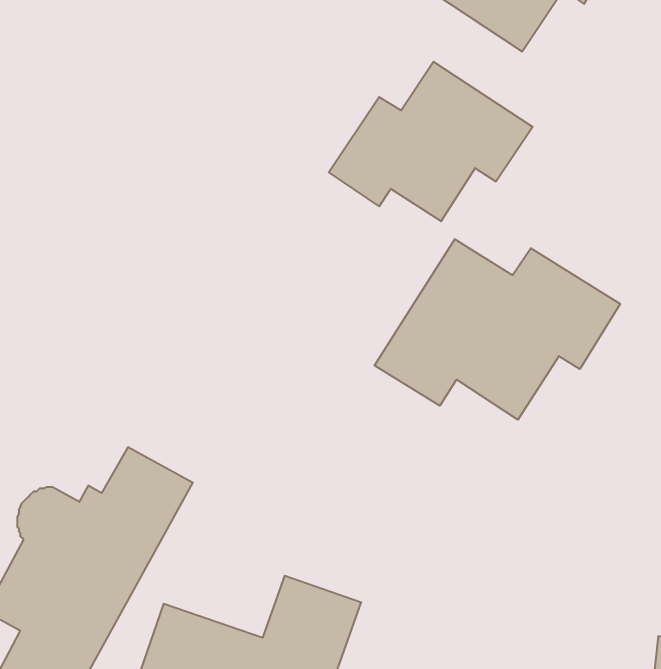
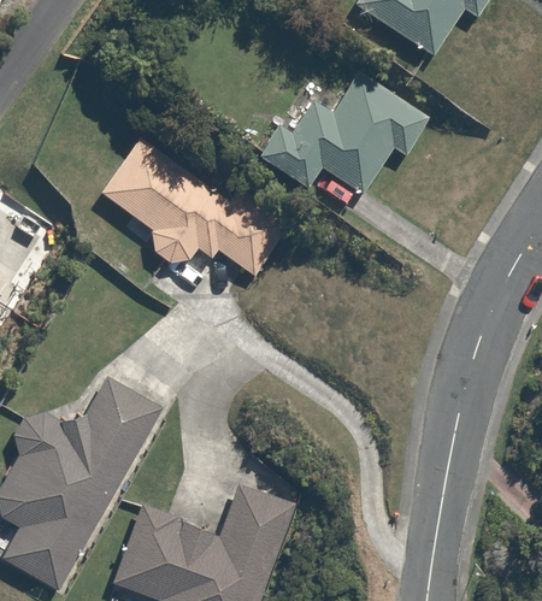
building: none -> [102,139,294,279]
building: [375,239,620,420] -> none

